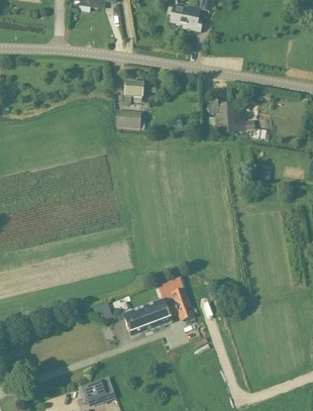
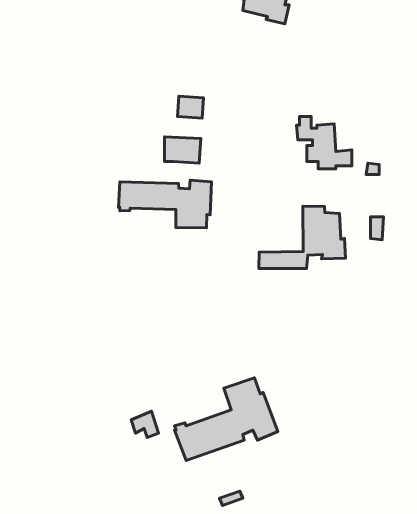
building: none -> [118,180,211,228]
building: none -> [259,206,345,269]

